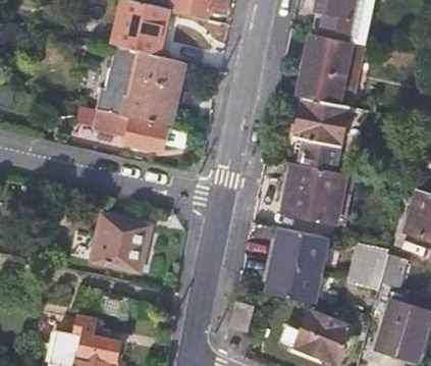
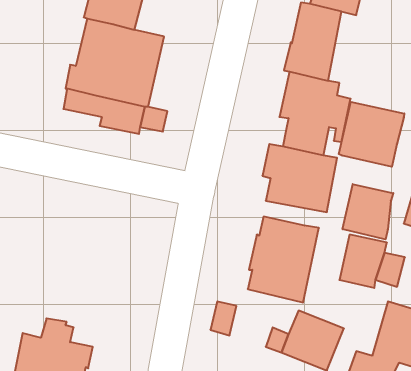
building: none -> [339,102,404,167]
building: none -> [343,184,393,239]
building: [95,215,152,270] -> none

